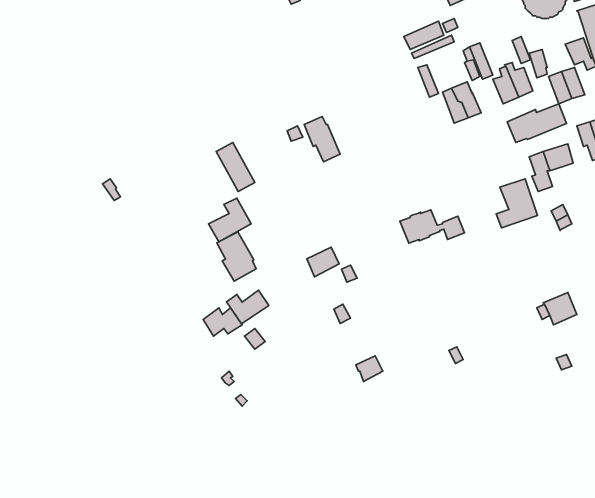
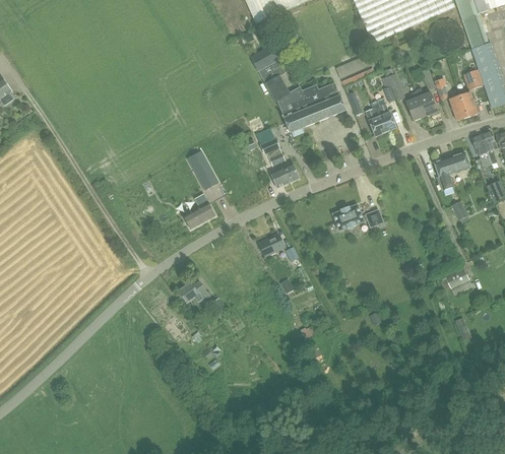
building: none -> [250,44,345,136]
building: [507,104,566,142] -> none
building: none -> [270,161,299,187]
building: [496,179,537,228] -> none
building: [217,232,256,281] -> none
building: [227,290,269,324] -> none

